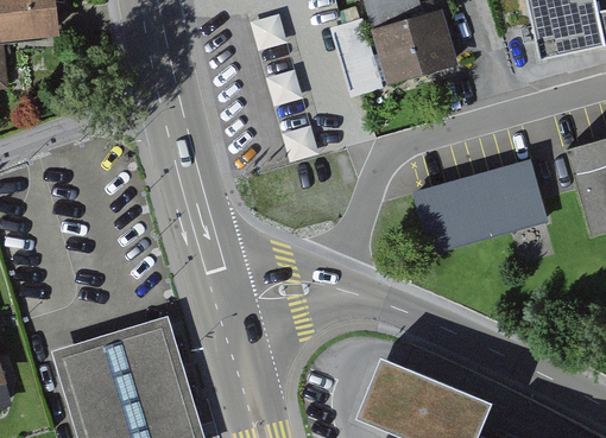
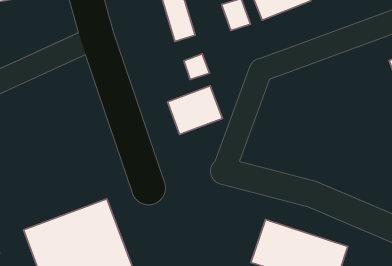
building: [409,160,547,258] -> none
building: none -> [167,86,222,135]

